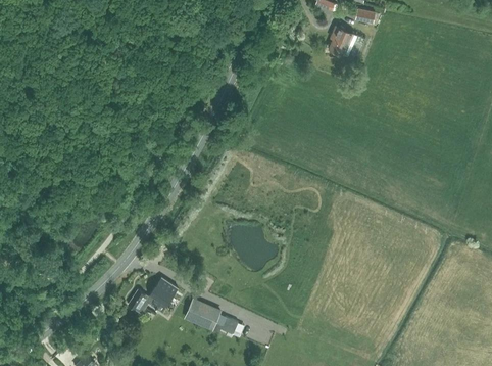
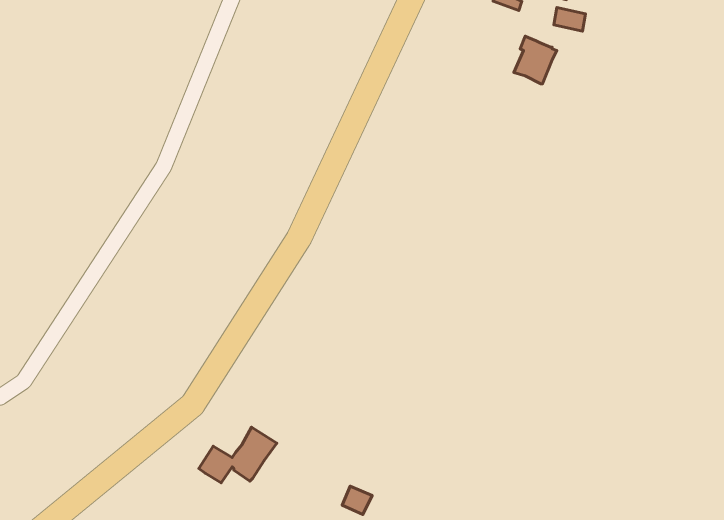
building: [185,300,220,330] -> none

